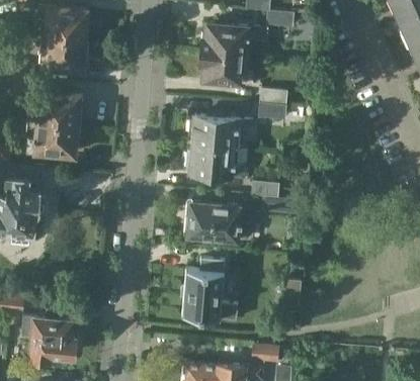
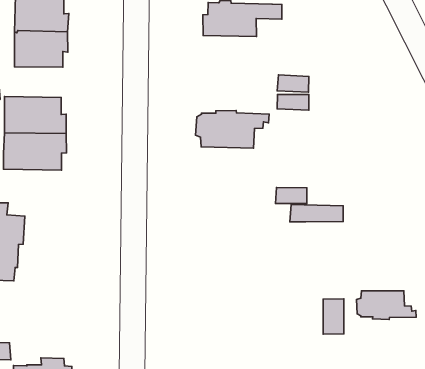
building: [199,53,257,86] -> none
building: [187,146,247,181] -> none
building: [186,204,251,242] -> none
building: [182,260,239,322] -> none
building: none -> [357,291,416,319]

